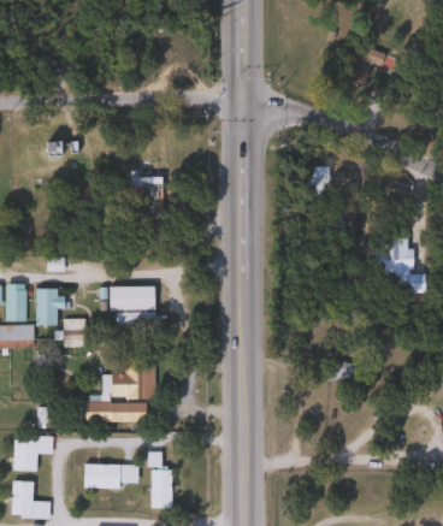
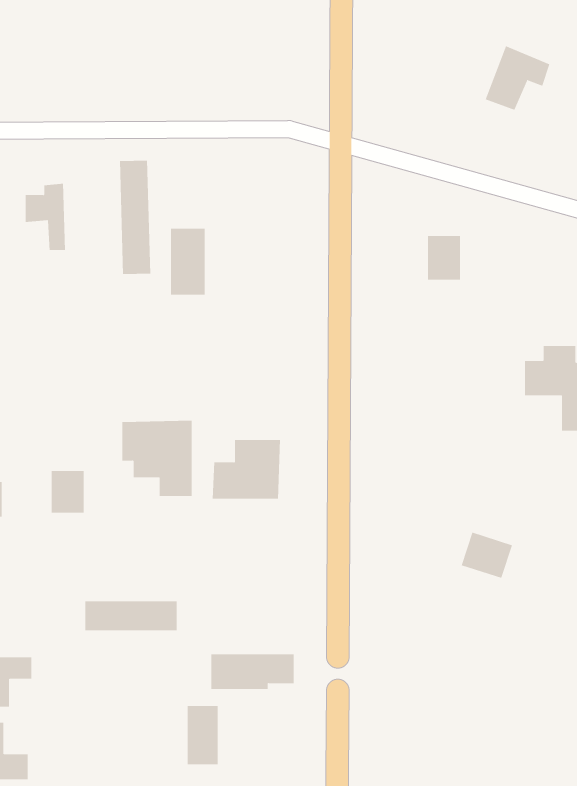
building: none -> [119,160,151,275]
building: [37,289,63,325] -> none
building: [111,359,155,397] -> [212,440,281,499]
building: [84,465,138,487] -> [211,654,294,689]

